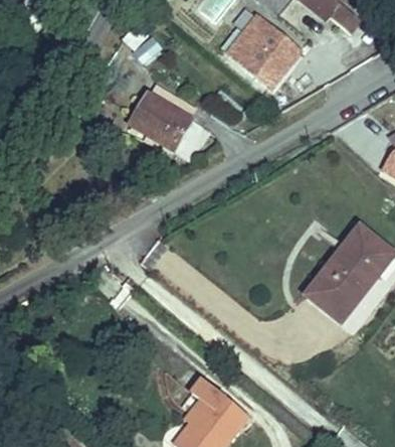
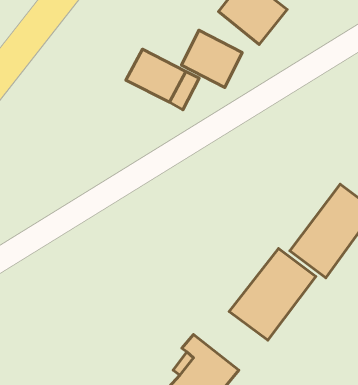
building: none -> [181,30,242,87]
building: none -> [229,248,316,340]

